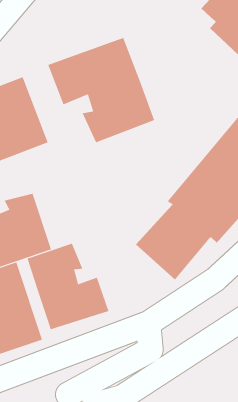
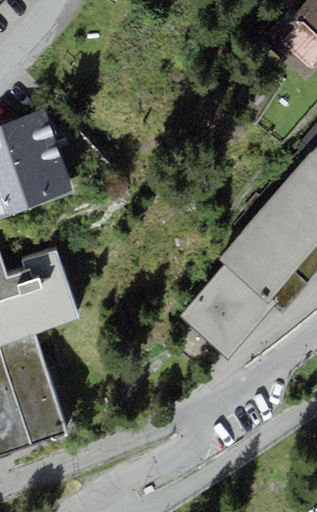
building: [47,37,155,143] -> none
building: [27,243,109,330] -> none

